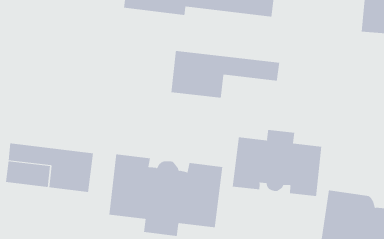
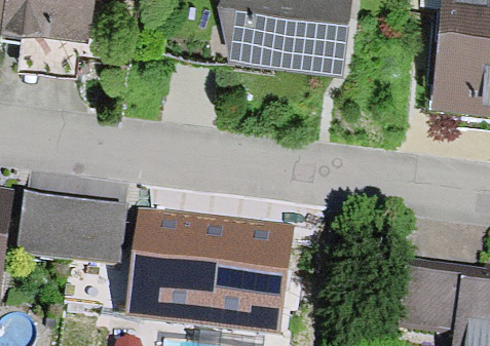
building: [171,50,280,98] -> none
building: [232,129,322,197] -> none

